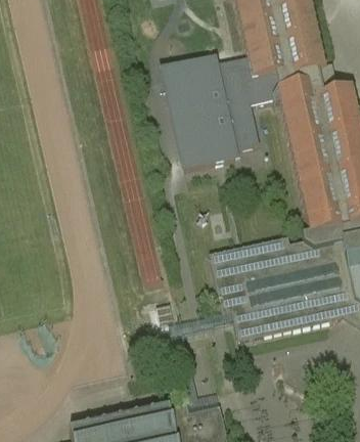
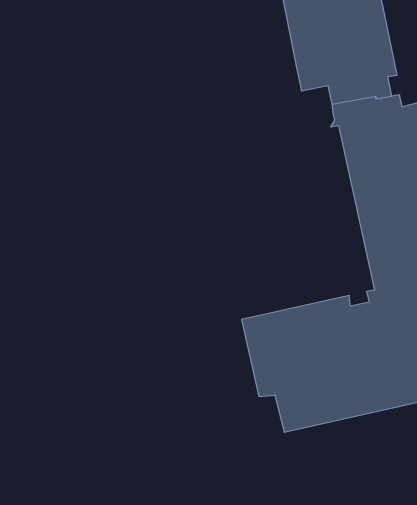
building: [167,59,278,170] -> none

